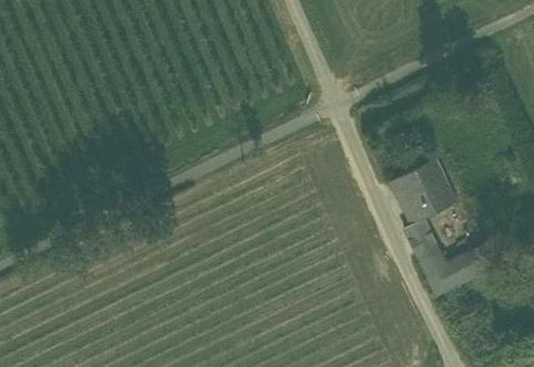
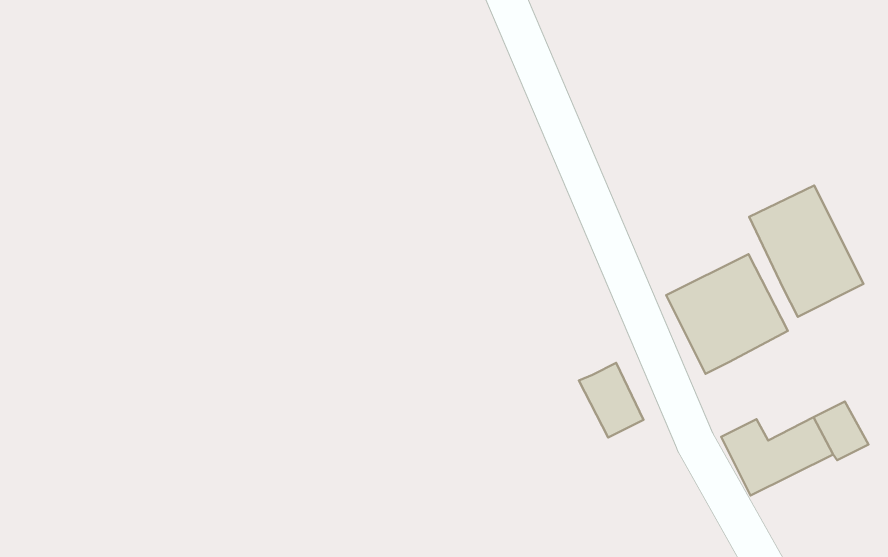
building: none -> [749,185,864,317]
building: [402,220,439,262] -> [579,363,644,438]

